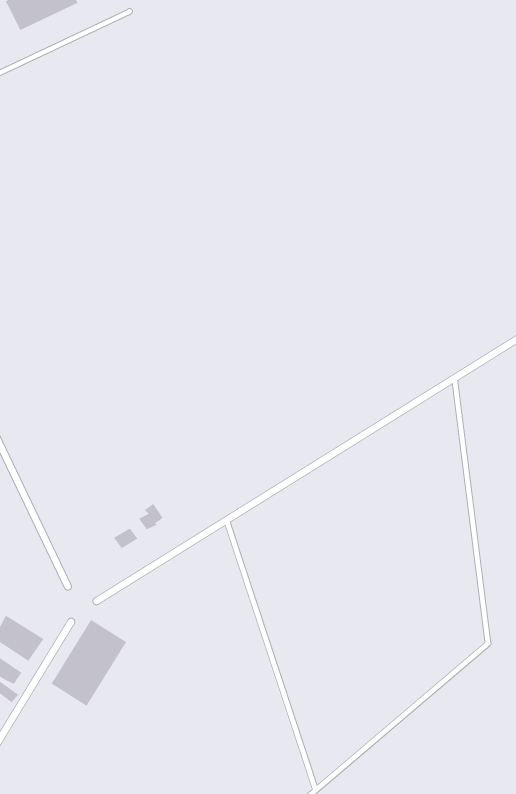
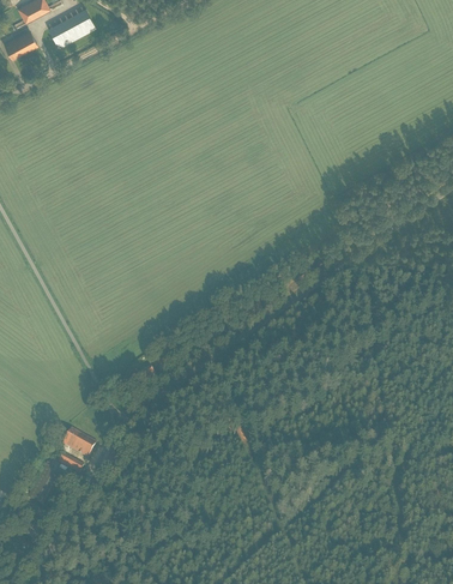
building: [50,619,127,707] -> none

